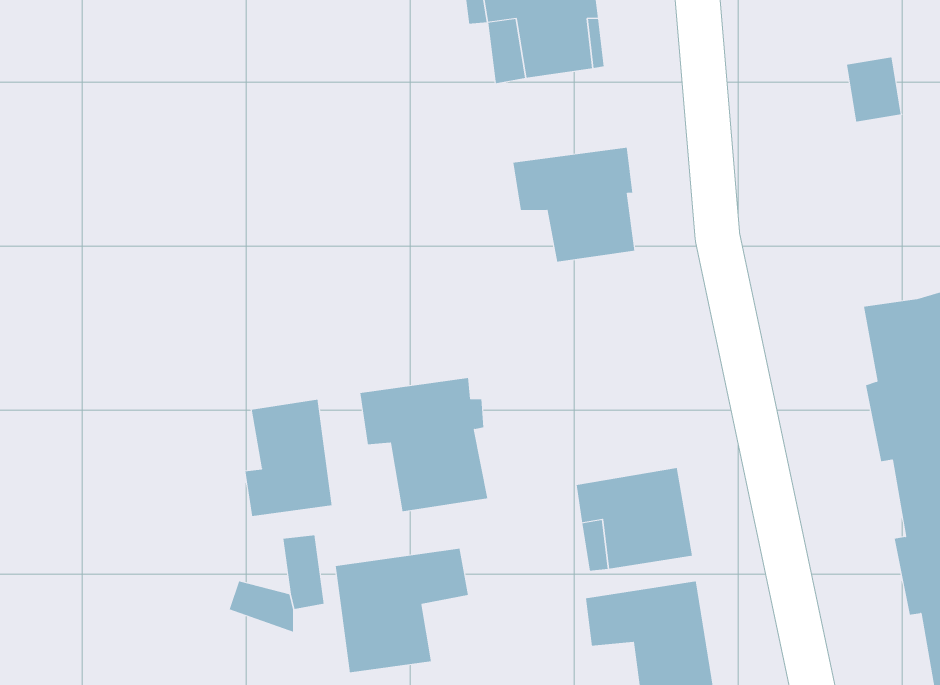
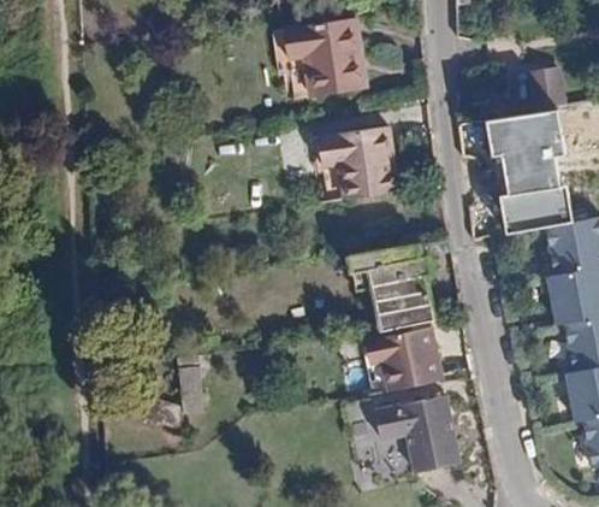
building: none -> [493,112,577,232]
building: [360,378,488,512] -> [345,246,426,330]
building: [245,399,332,517] -> none
building: [335,548,469,673] -> none

